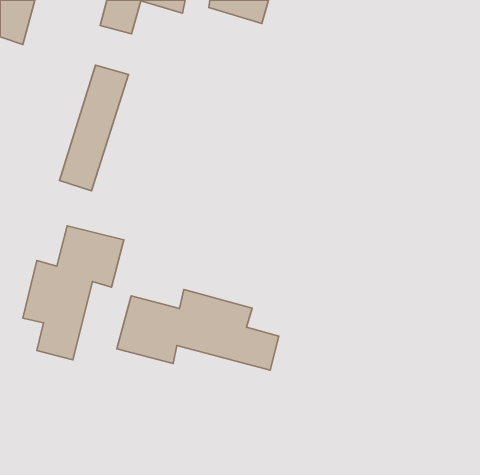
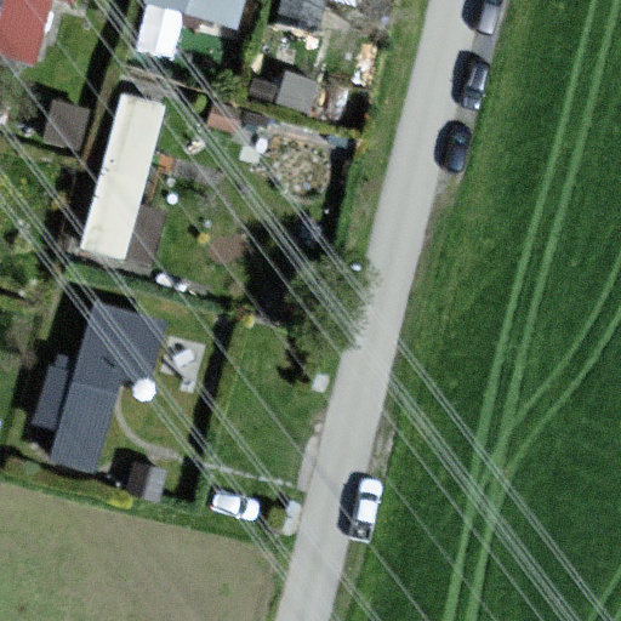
building: [117,289,279,370] -> none

